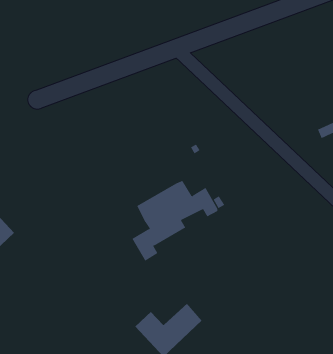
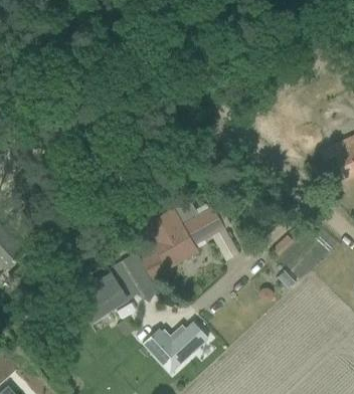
building: none -> [73,251,158,323]

